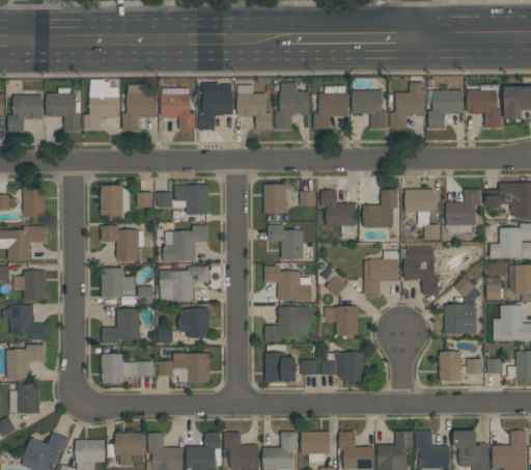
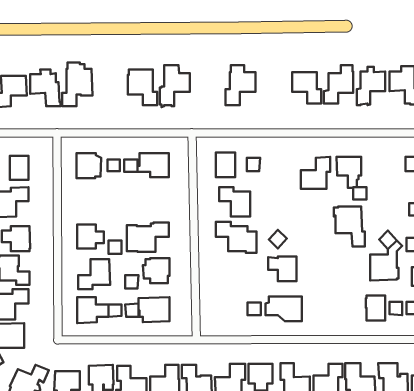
building: [122,85,157,131] -> none
building: [237,85,271,130] -> none
building: [313,86,347,130] -> none
building: [444,189,480,234] -> none
building: [320,191,355,234] -> none
building: [163,225,208,262] -> none
building: [100,226,144,259] -> none
building: [364,251,398,295] -> none
building: [266,306,311,341] -> none
building: [266,354,297,383] -> none

